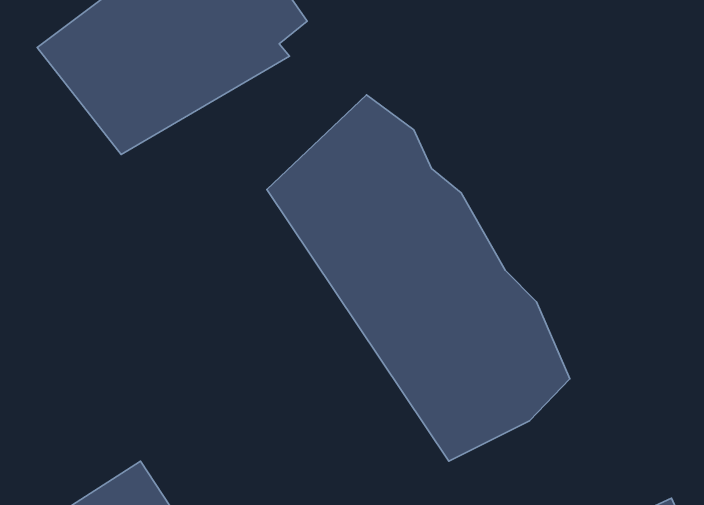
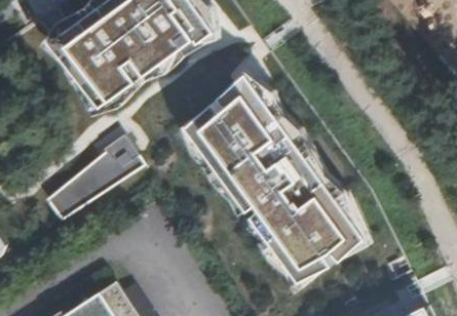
building: none -> [44,135,142,223]

